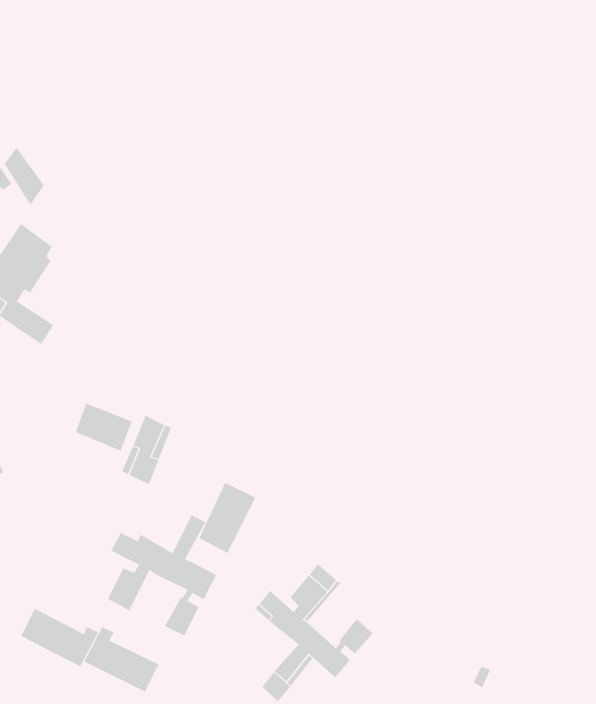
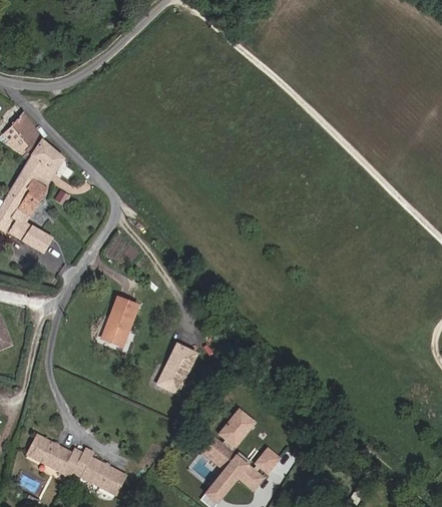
building: none -> [27,135,66,179]
building: [75,403,133,451] -> none
building: [107,514,217,636] -> none

